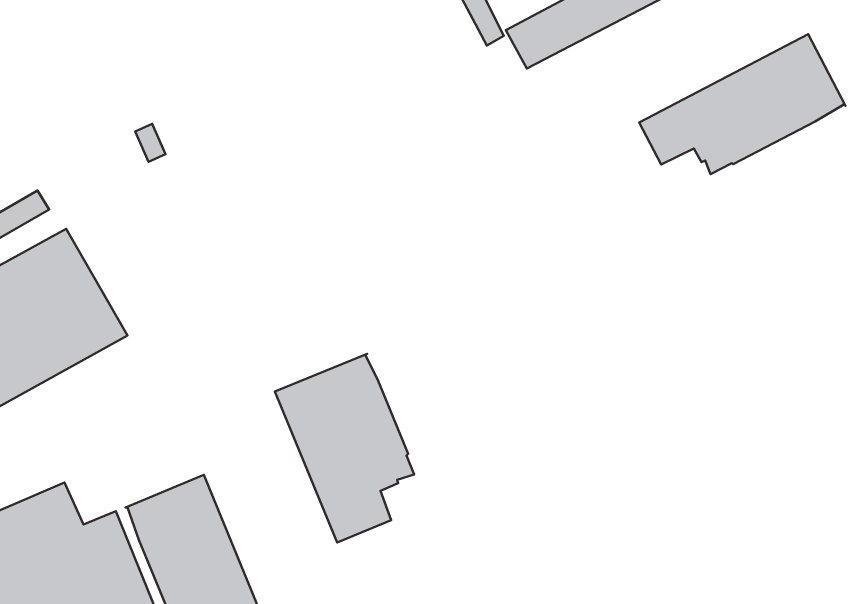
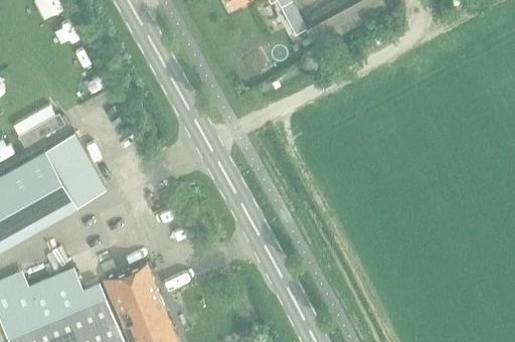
building: [639,34,845,174] -> none
building: [275,354,414,542] -> none

